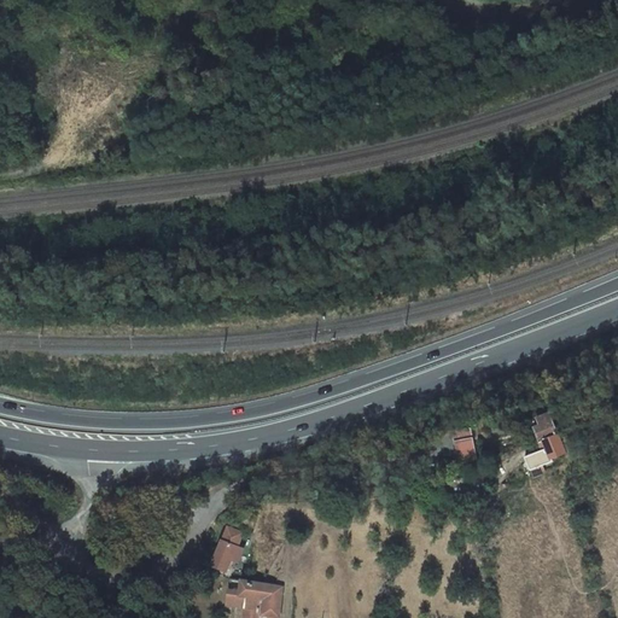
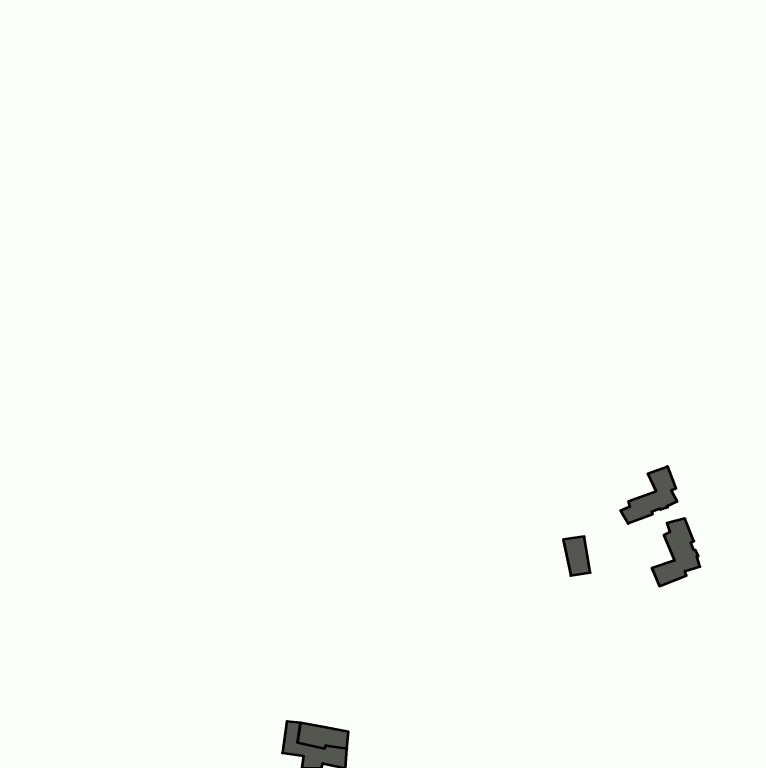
building: none -> [621,466,677,524]
building: [211,527,243,572] -> none

